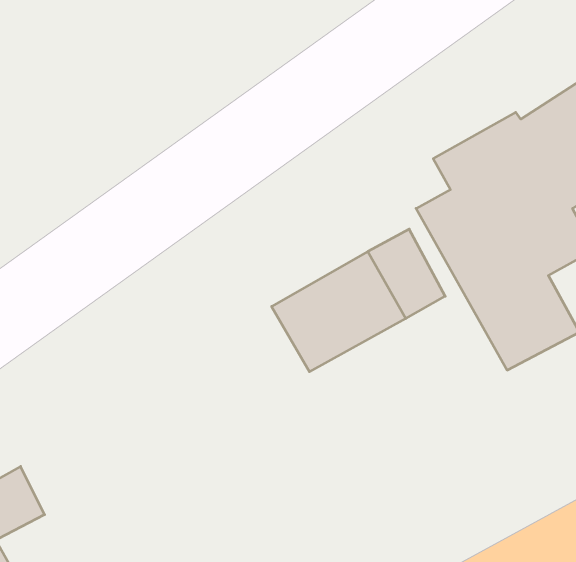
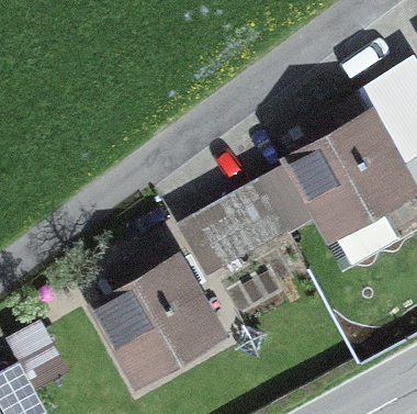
building: none -> [100,248,215,378]

